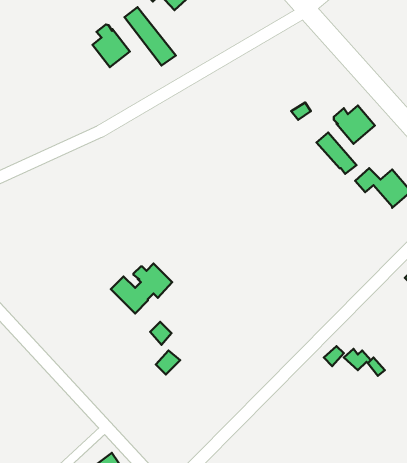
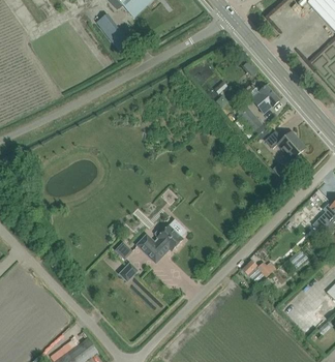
building: [92,25,130,67] -> none
building: [111,264,172,313] -> [138,224,182,261]

